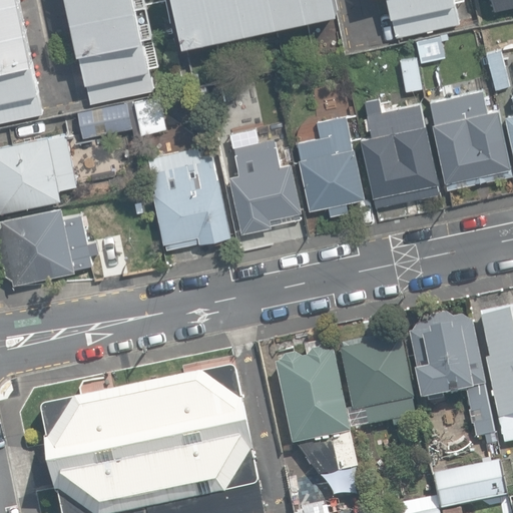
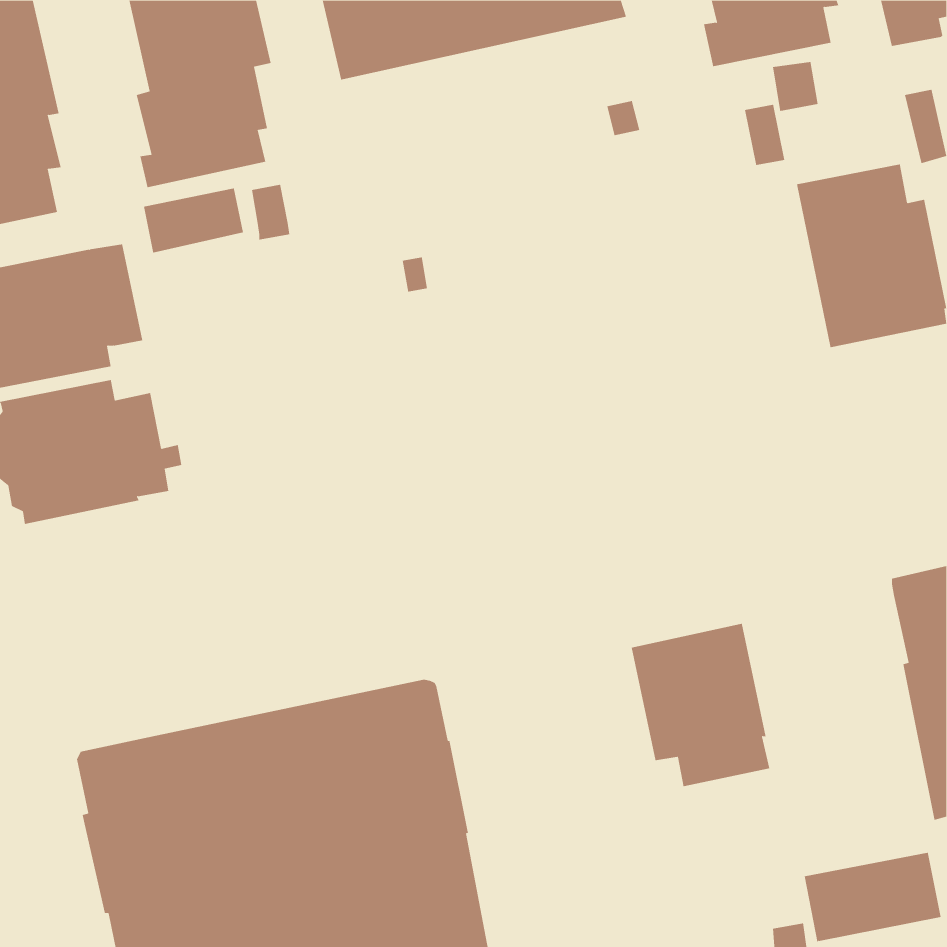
building: [361,98,439,206] -> none
building: [297,116,364,215] -> none
building: [229,142,302,233] -> none
building: [147,152,230,247] -> none
building: [409,314,494,439] -> none
building: [275,342,357,476] -> none

